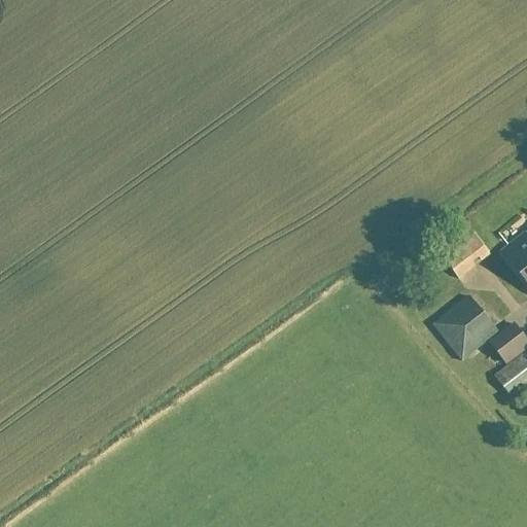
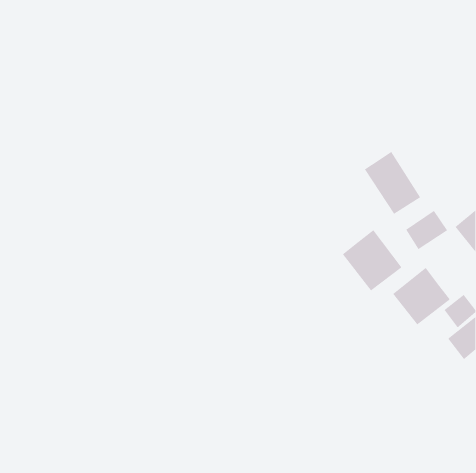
building: none -> [364,151,421,215]
building: none -> [342,229,402,291]

